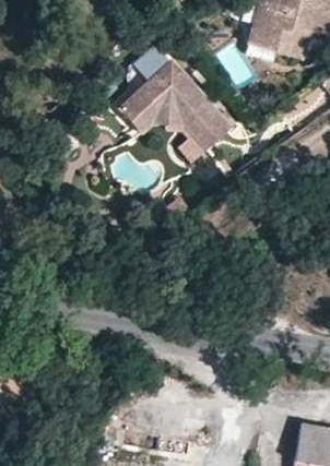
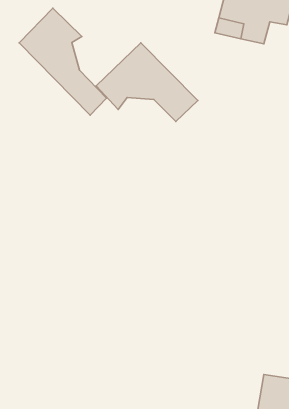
building: none -> [19,8,107,115]

